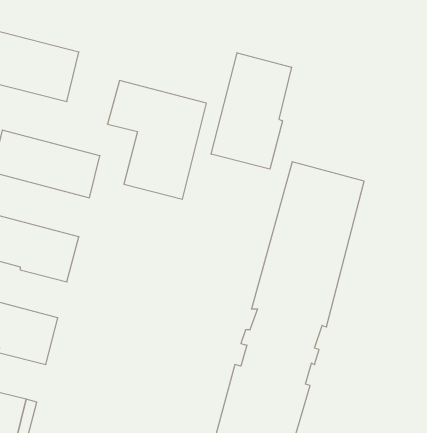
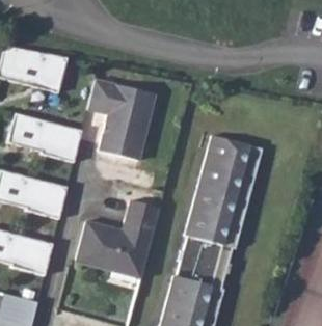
building: [211,53,291,169] -> none
building: none -> [76,197,161,276]

